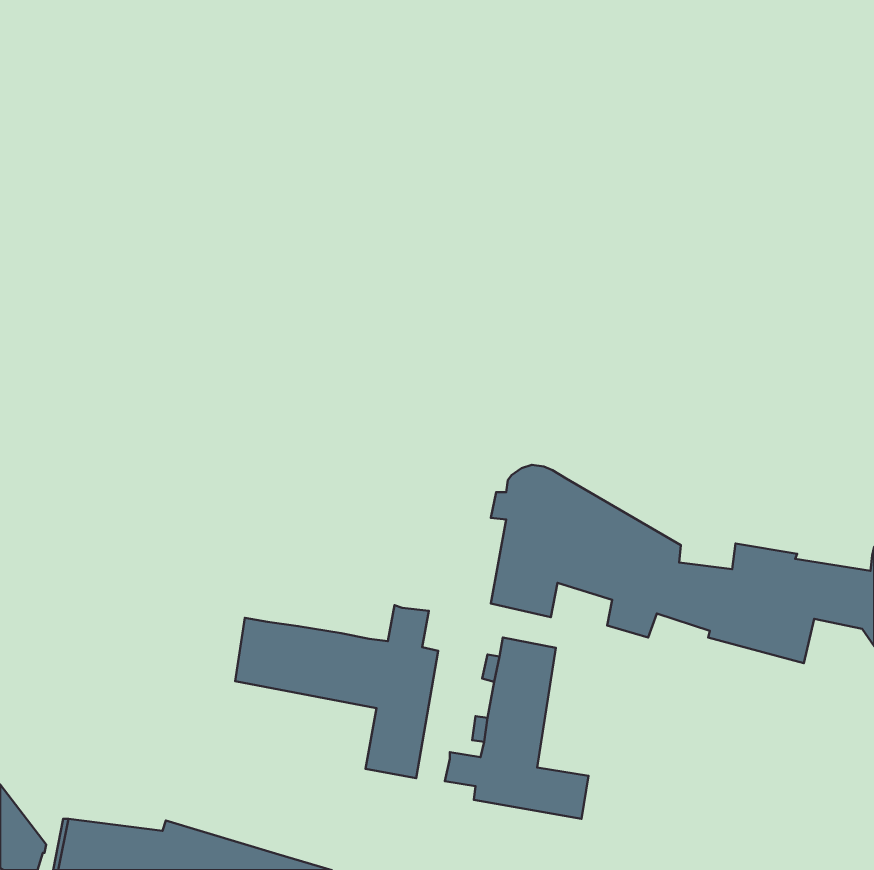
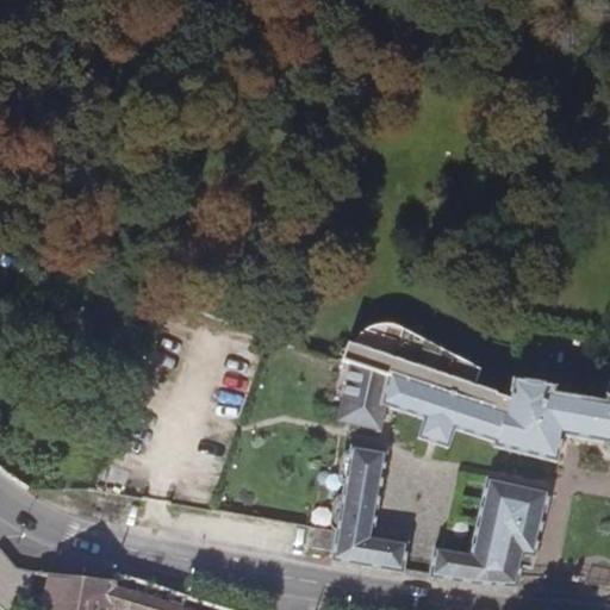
building: [235,605,438,778] -> none
building: none -> [428,475,550,587]

